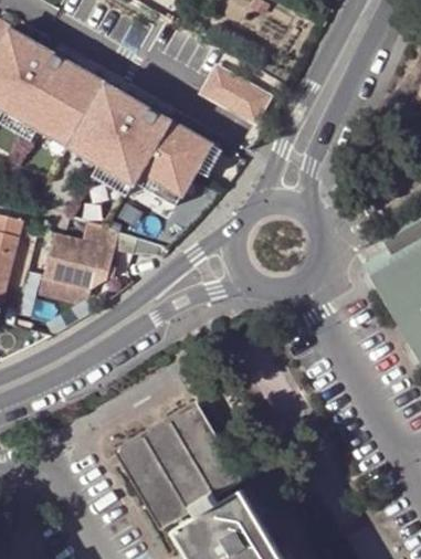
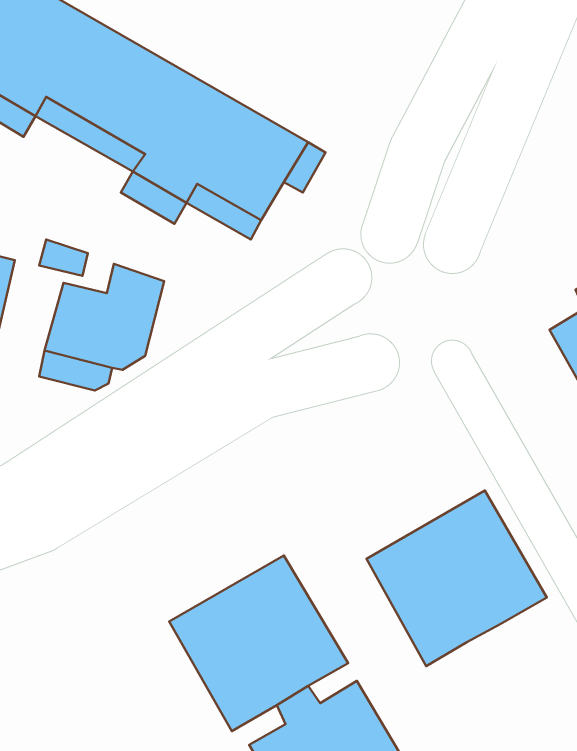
building: [200,66,267,123] -> none
building: none -> [367,491,547,666]

